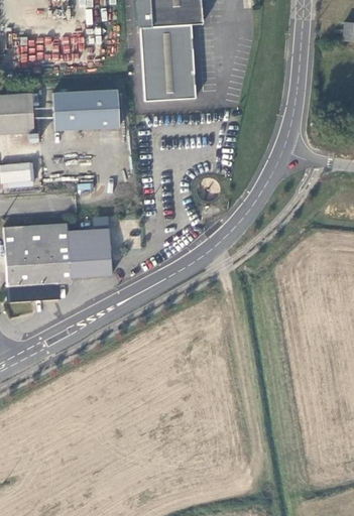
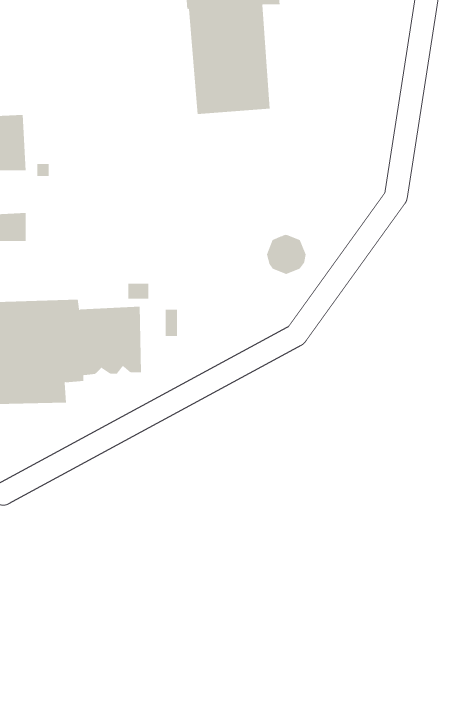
building: [51,85,118,125] -> none

